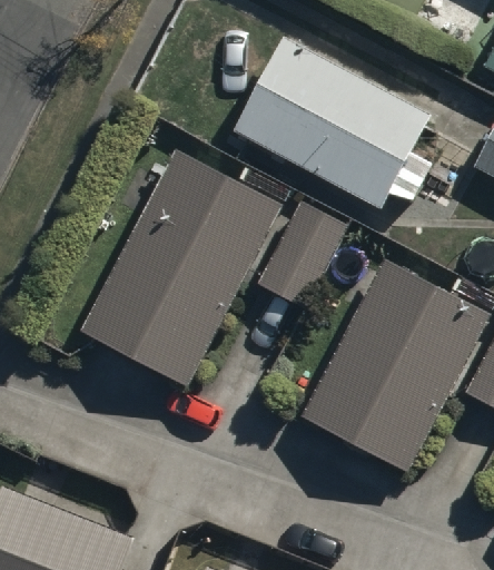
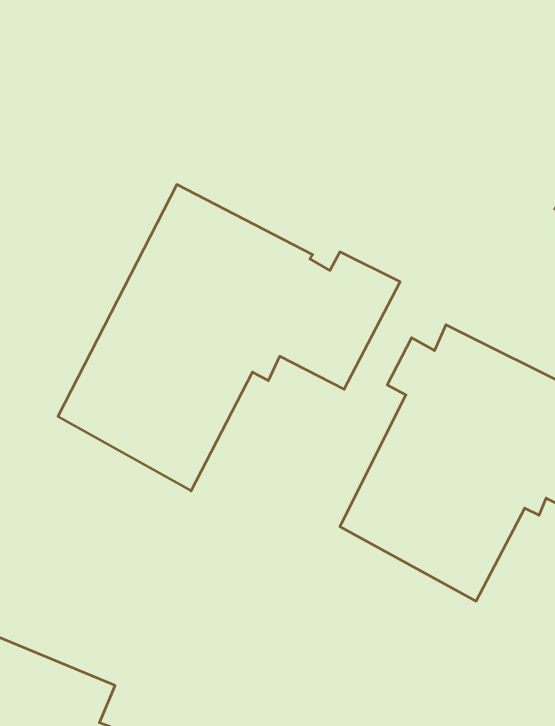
building: [238,43,432,210] -> none

